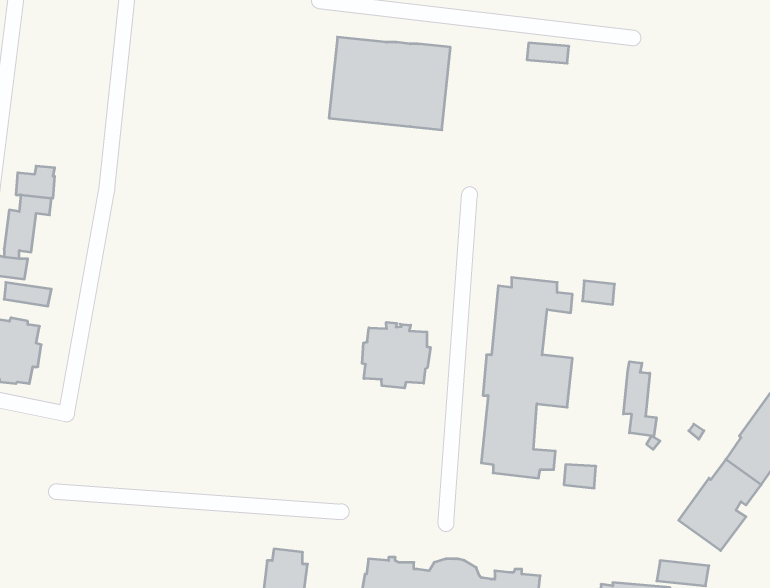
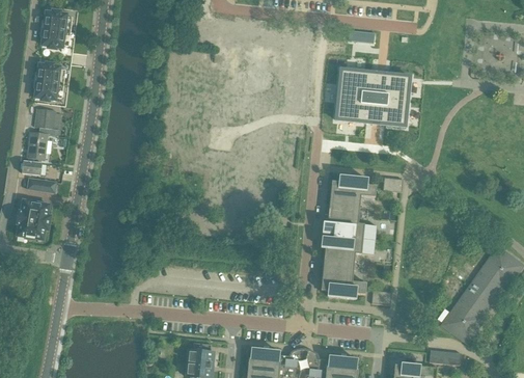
building: none -> [34,10,72,101]
building: [329,37,450,130] -> [335,70,410,127]
building: [362,322,430,388] -> none
building: [623,362,656,436] -> none

